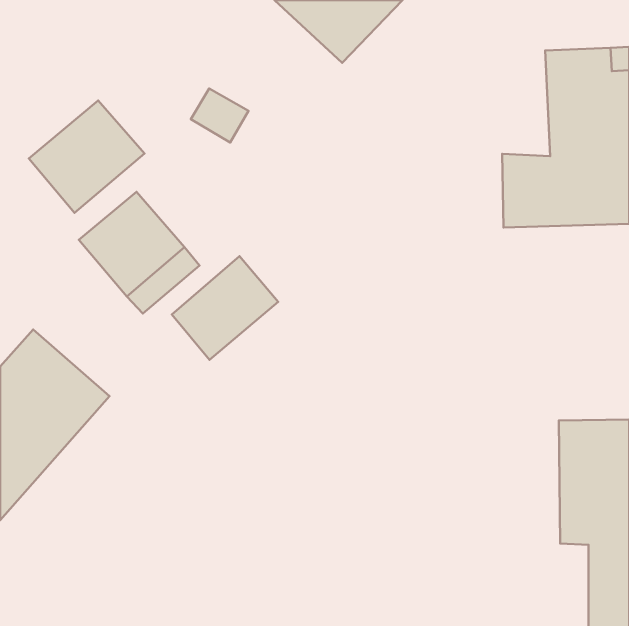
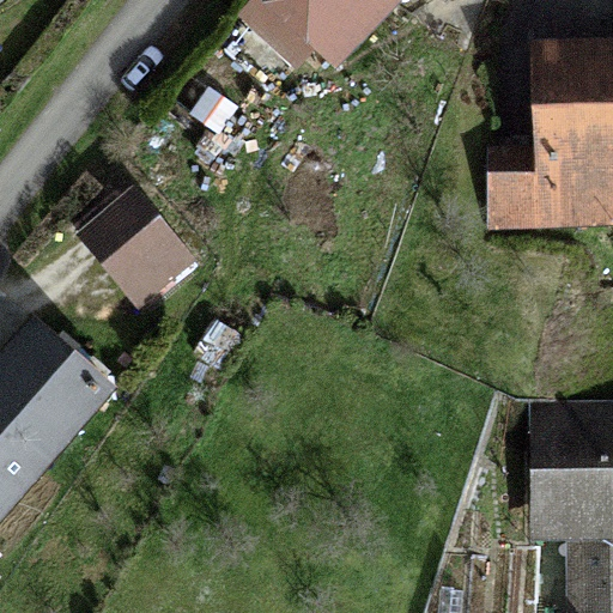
building: [29,101,144,213] -> none
building: [172,256,278,360] -> none

